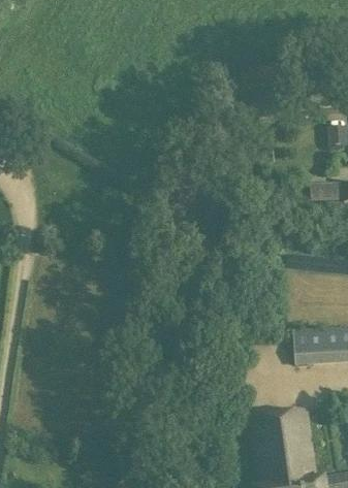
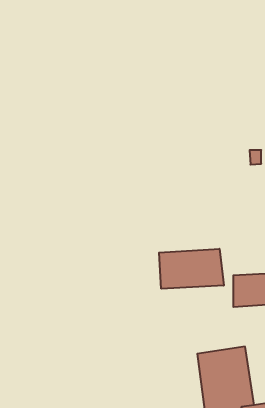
building: none -> [159,249,224,289]

